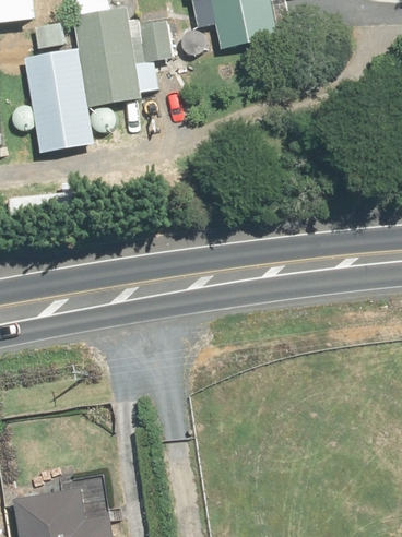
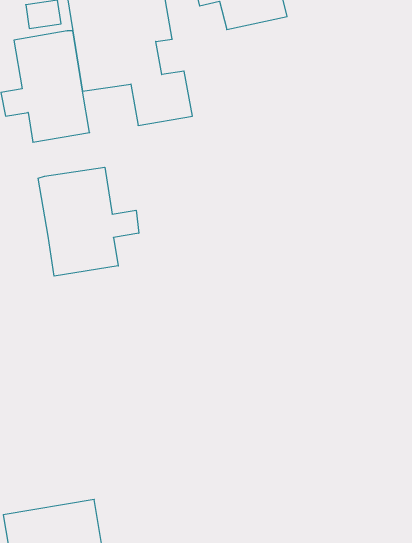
building: none -> [38,167,139,276]

